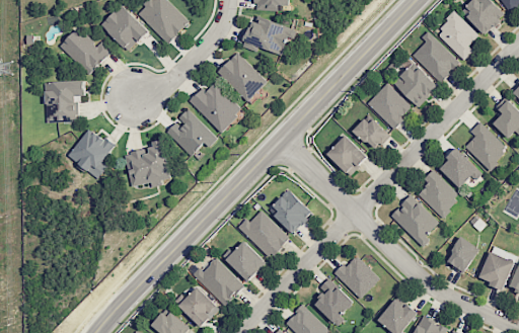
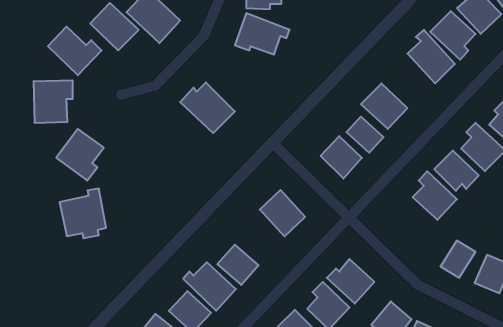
building: [218,52,267,101] -> none
building: [393,58,438,106] -> none
building: [166,108,218,156] -> none
building: [125,140,170,188] -> [60,189,106,238]
building: [390,194,441,244] -> none
building: [240,209,290,258] -> none

